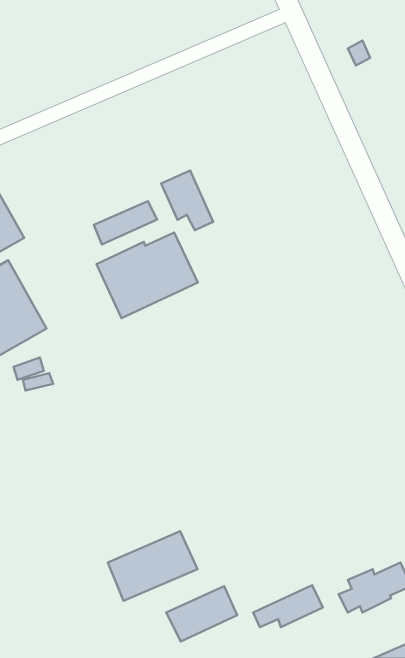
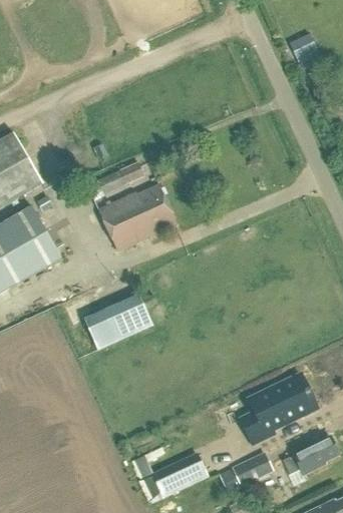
building: [161,170,213,230] -> none
building: none -> [241,373,316,443]
building: [108,531,197,601] -> [85,294,153,347]

